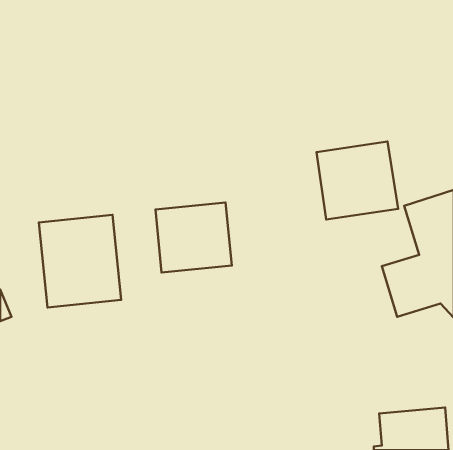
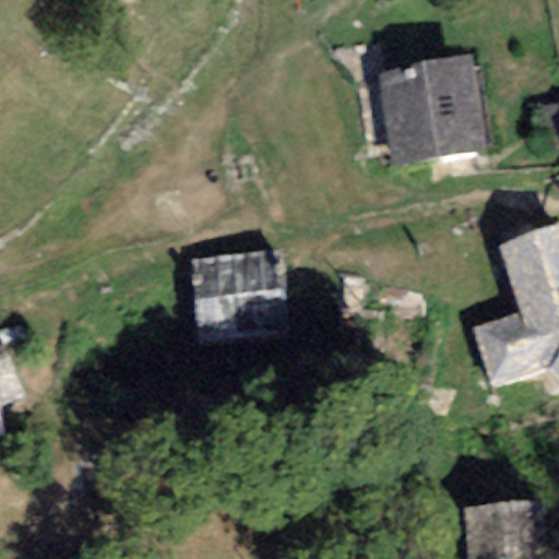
building: [316,141,398,220] -> [383,58,484,154]
building: [39,215,121,308] -> none

